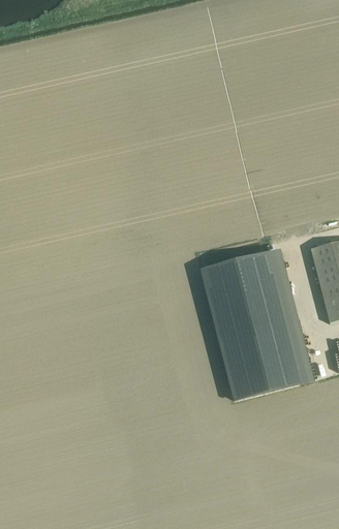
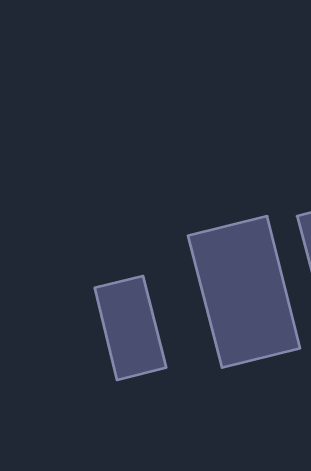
building: none -> [95,276,166,380]

